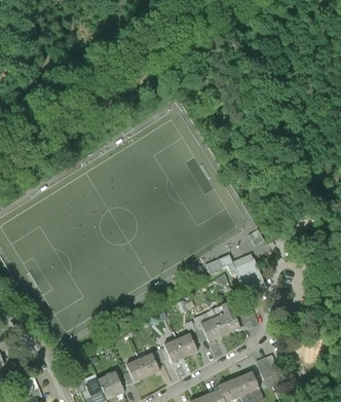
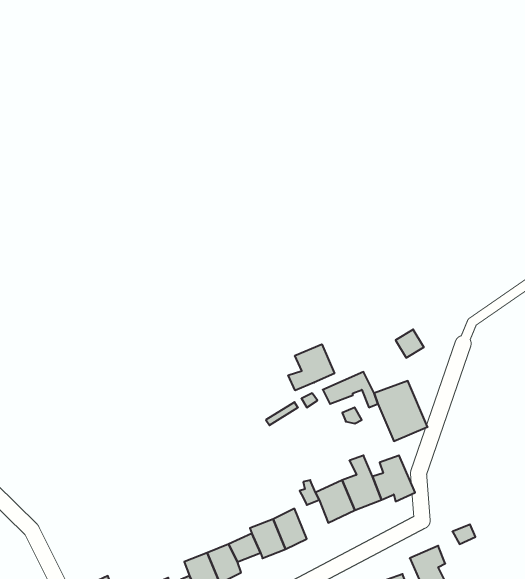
building: none -> [288,344,334,390]

